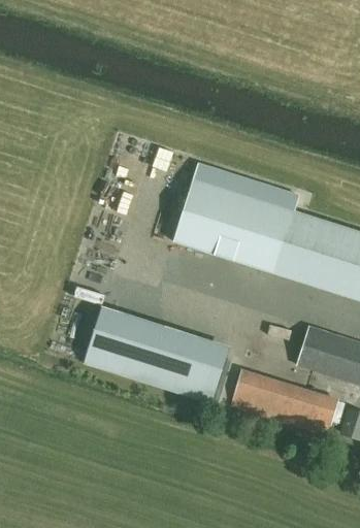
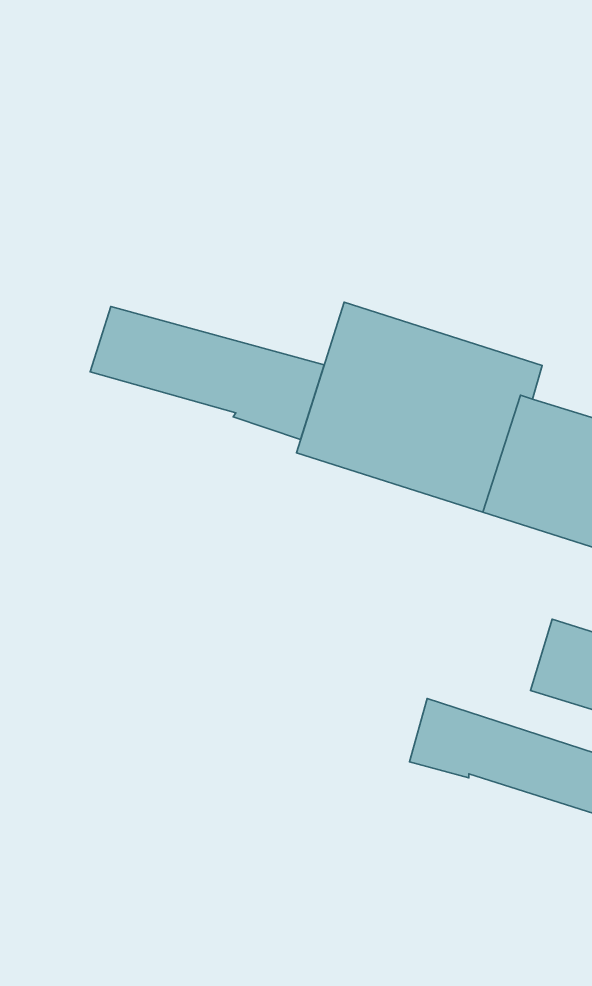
building: none -> [90,306,324,439]
building: [87,303,234,399] -> none

